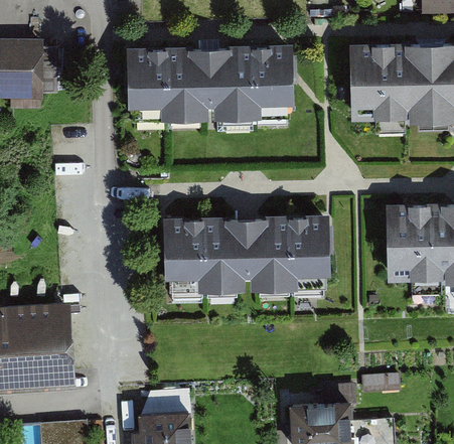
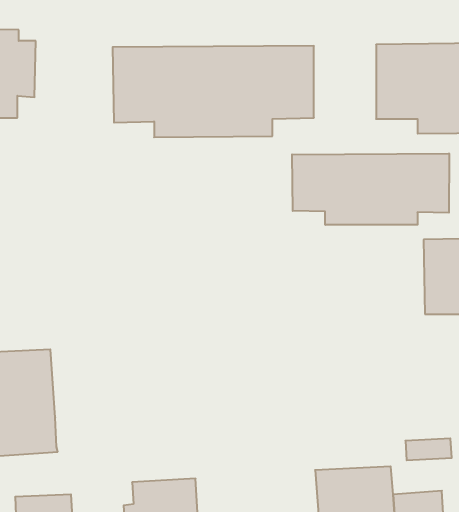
building: none -> [292,153,449,225]
building: [160,219,326,295] -> none

